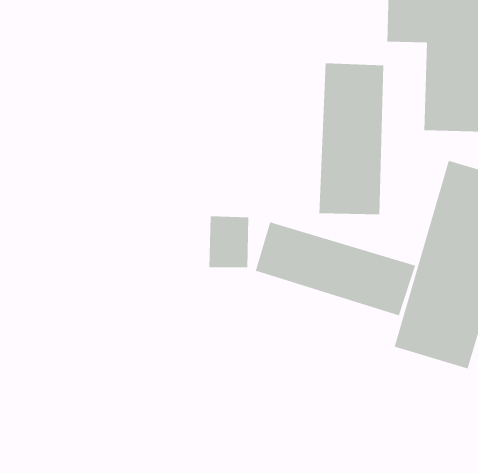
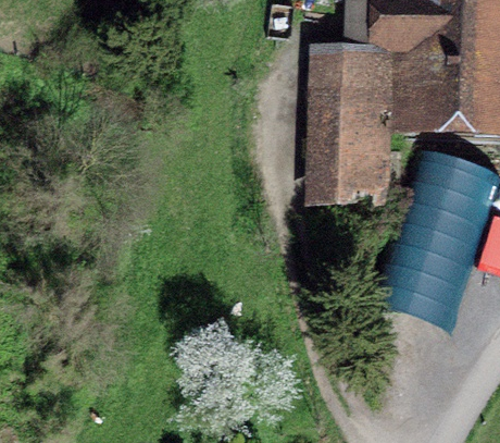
building: [255,222,416,316] -> none

